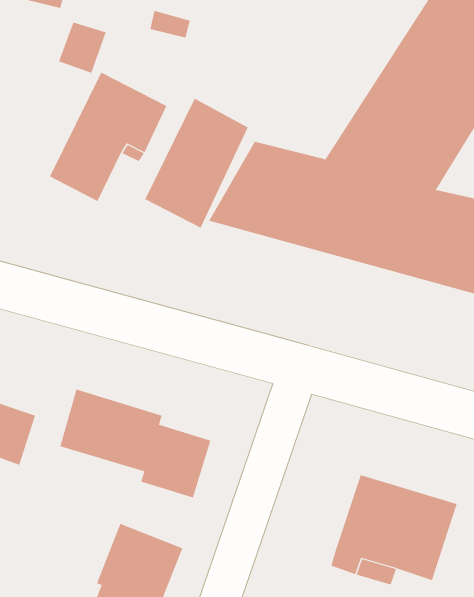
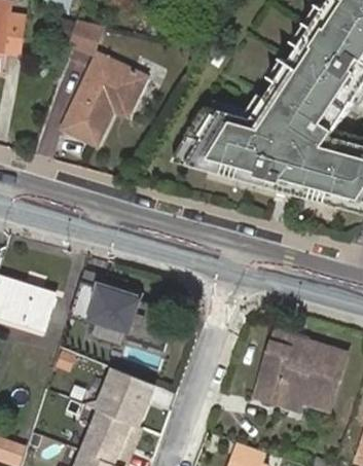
building: [144,98,248,229] -> none

